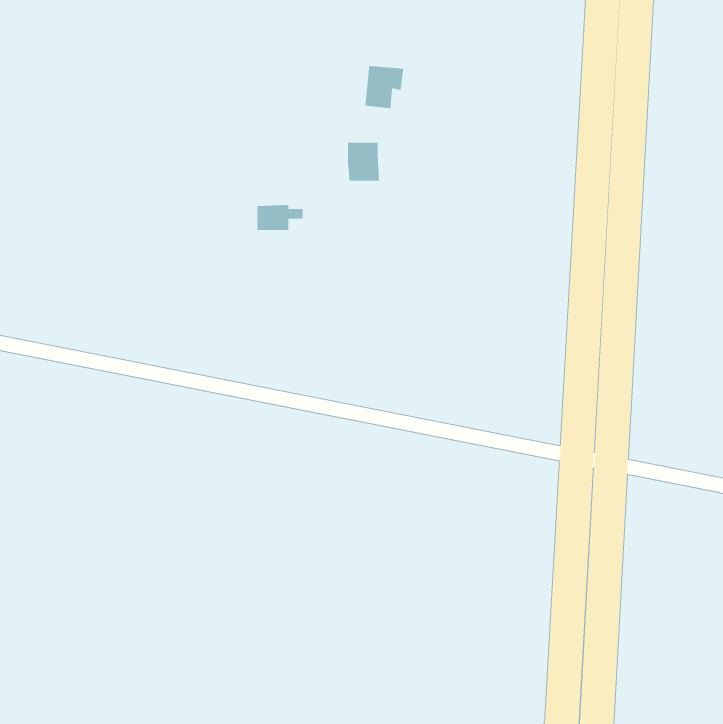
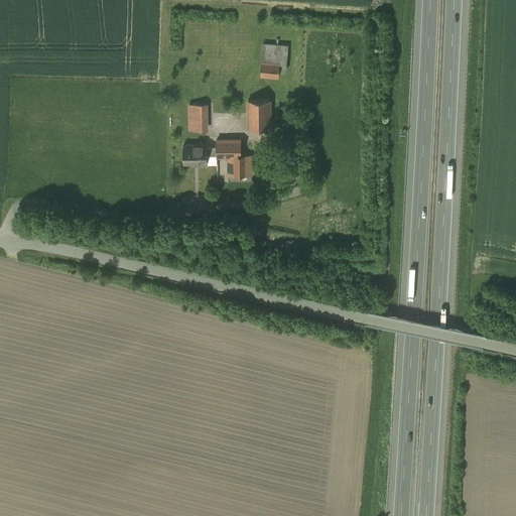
building: none -> [190,106,207,130]
building: none -> [216,141,250,175]

